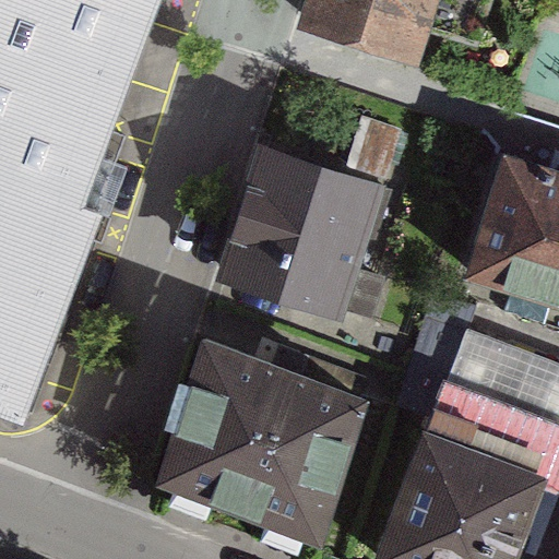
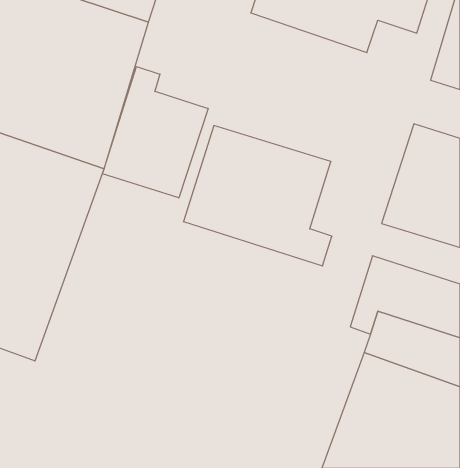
building: none -> [103,67,208,198]
building: [152,364,344,543] -> none

